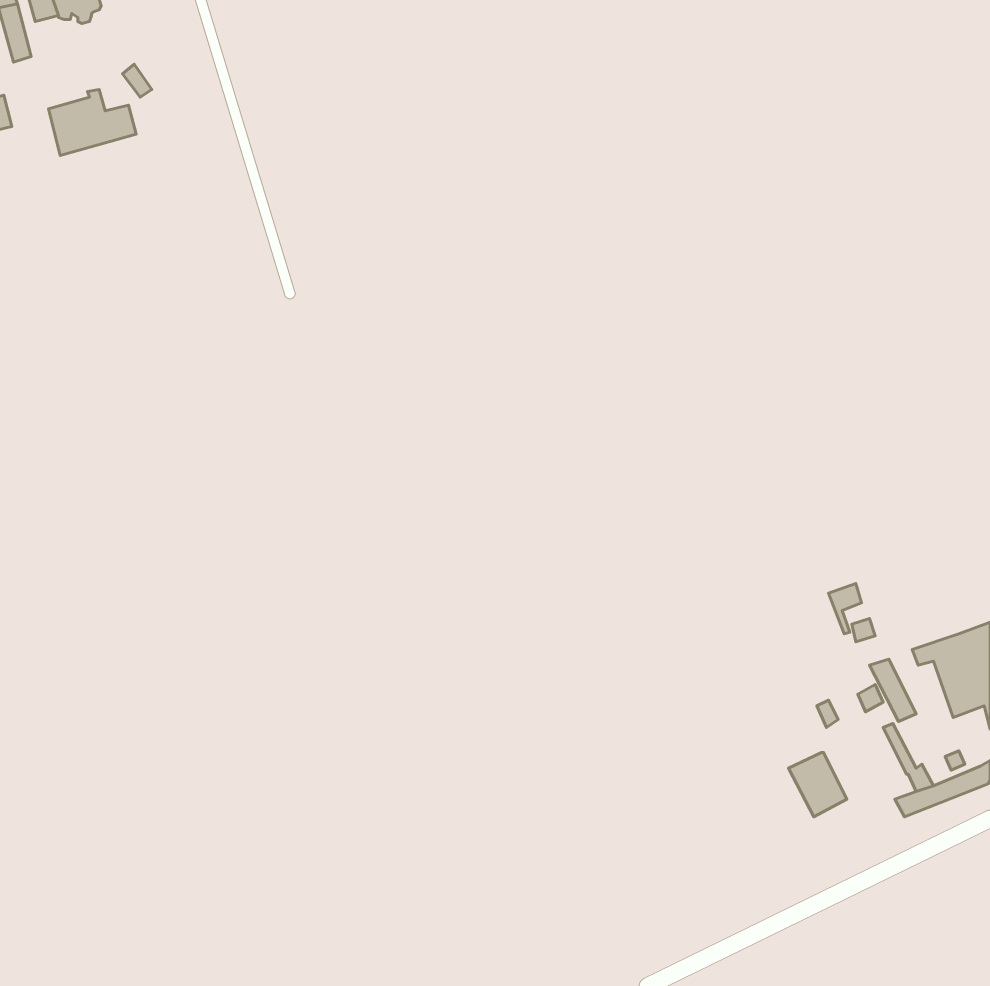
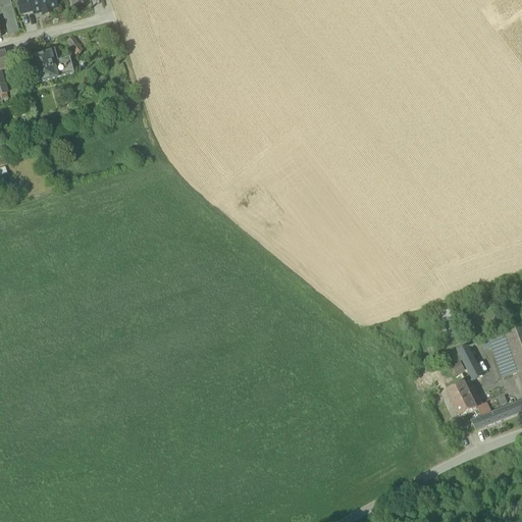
building: [788,753,847,817] -> [445,381,475,415]

